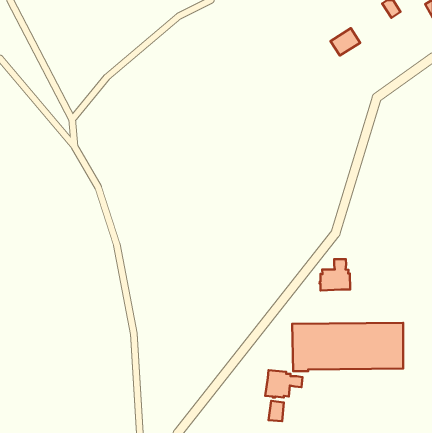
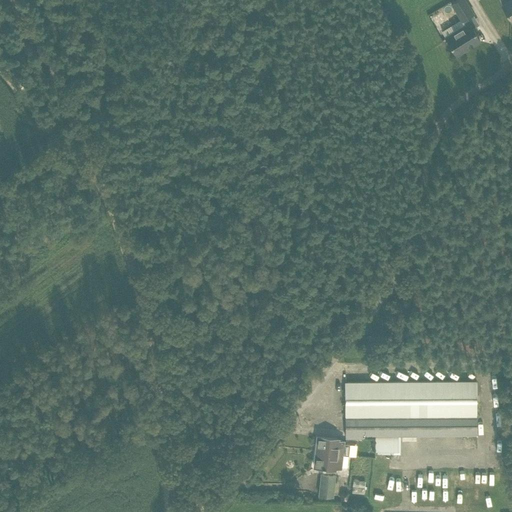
building: [330,28,360,55] -> [446,23,481,55]
building: [319,259,350,291] -> none

